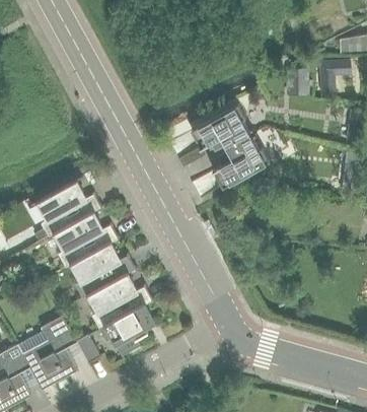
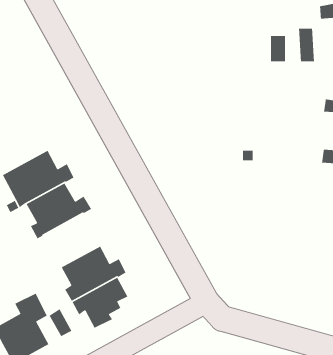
building: [177,105,252,161] -> none
building: [190,136,270,201] -> none
building: [71,243,135,298] -> none

